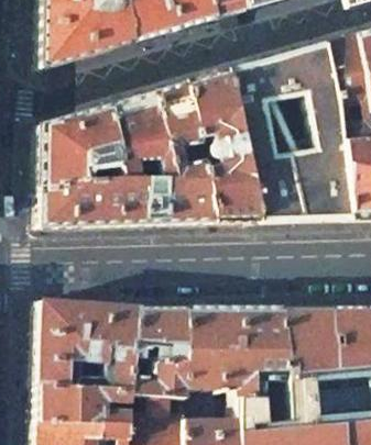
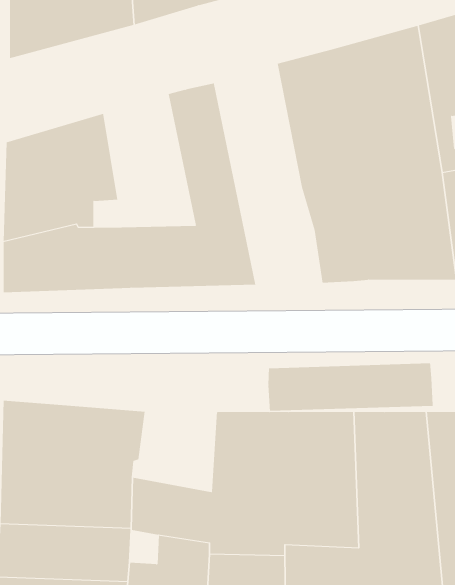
building: [185,69,259,221] -> none
building: [109,90,172,181] -> none
building: none -> [268,363,433,412]
building: [129,308,186,363] -> none

